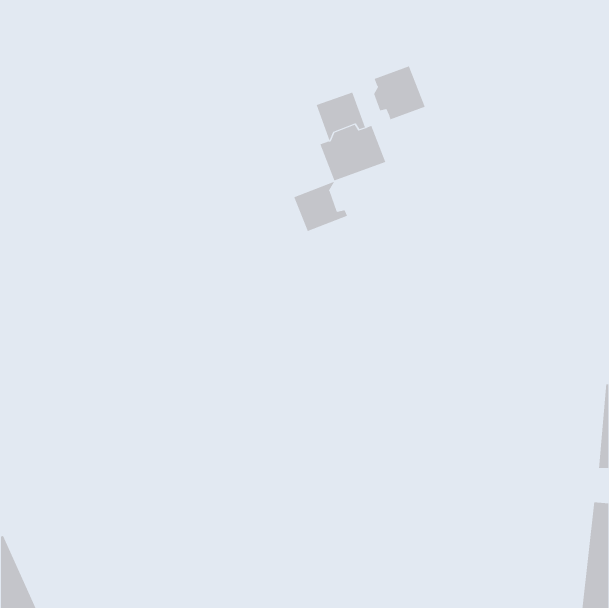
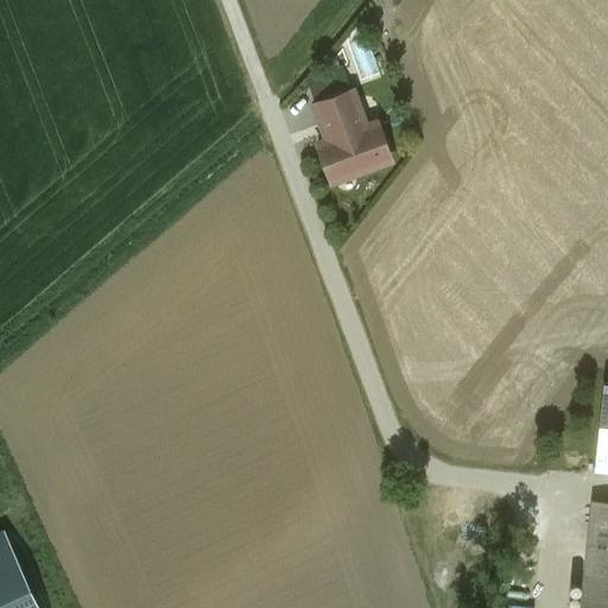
building: [373,65,426,120] -> none
building: [293,181,348,232] -> none

